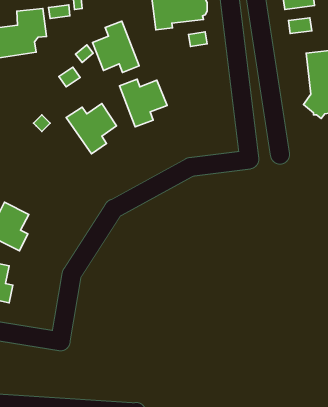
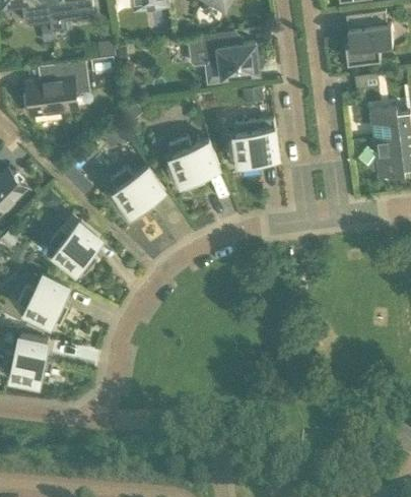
building: [93,21,139,72] -> none
building: none -> [233,121,278,171]
building: none -> [47,220,101,274]

